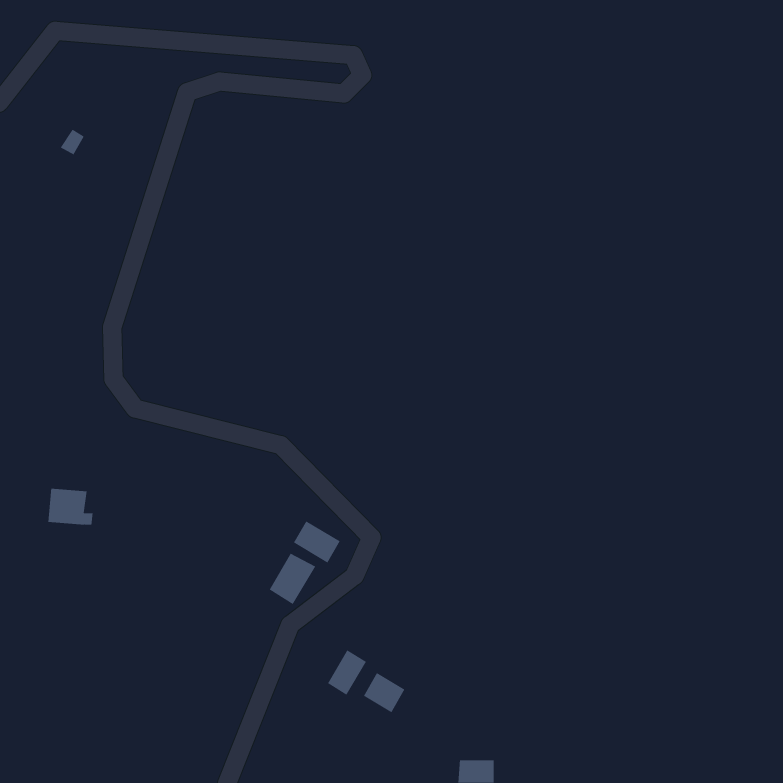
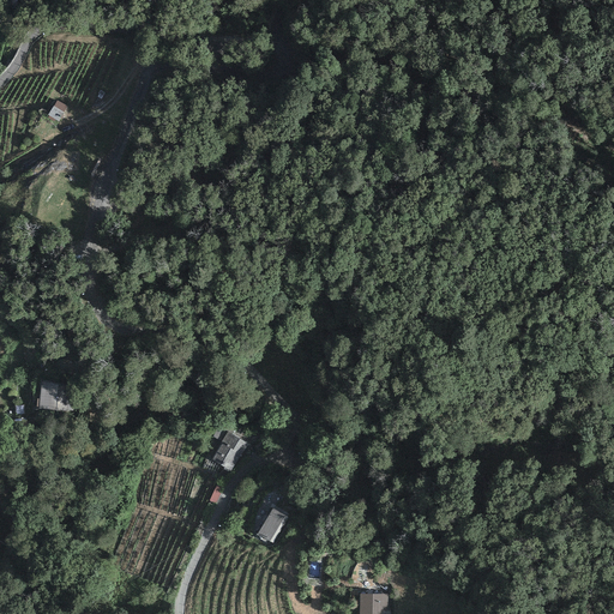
building: [293,520,340,563] -> none
building: [363,672,405,713] -> none

